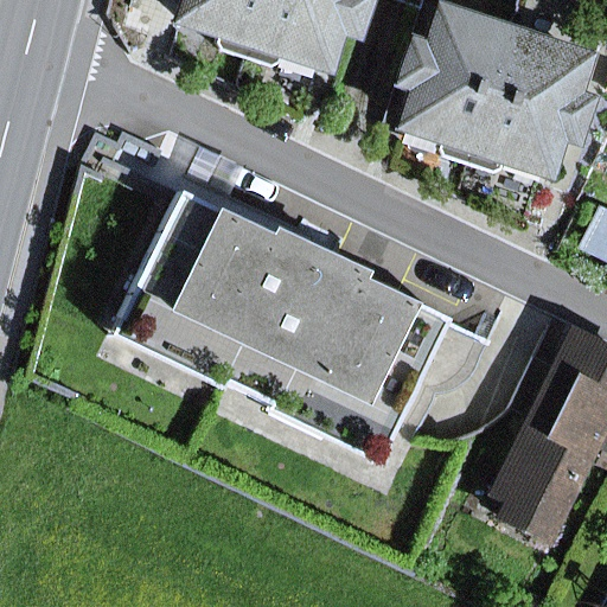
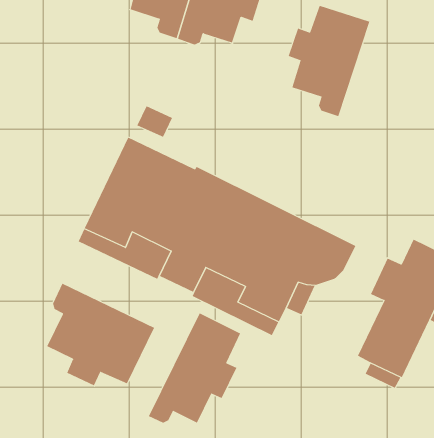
building: [475,30,593,168] -> none
building: none -> [47,283,155,386]
building: none -> [148,312,241,424]

